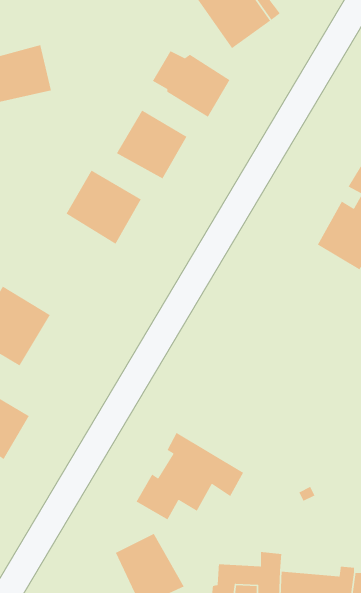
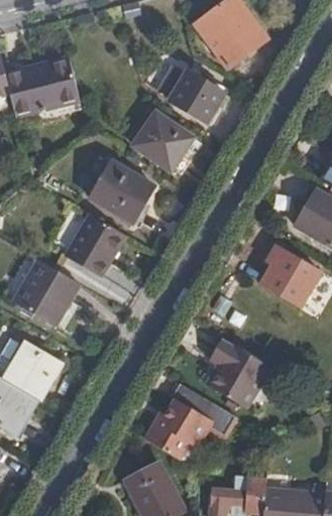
building: none -> [65,214,122,276]
building: none -> [259,246,320,306]
building: none -> [207,334,269,403]

